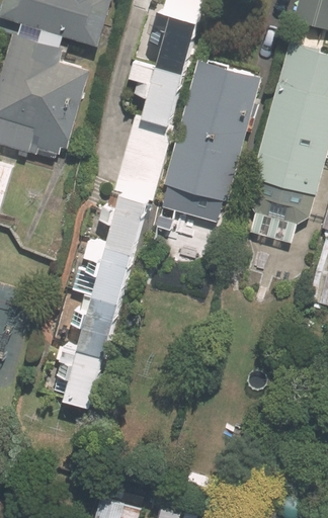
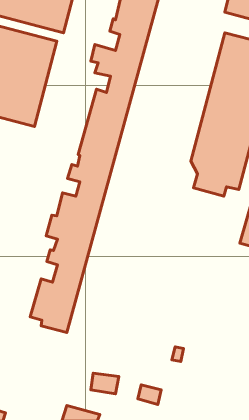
building: [165,60,260,221] -> none

